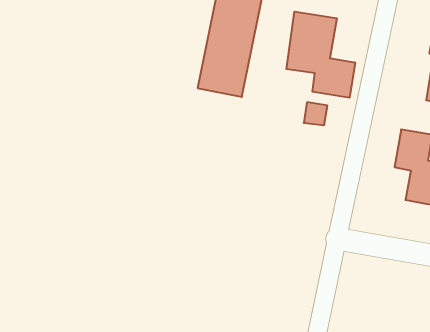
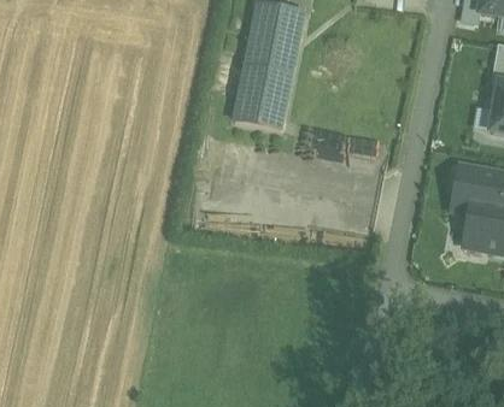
building: [286,12,355,98] -> none

